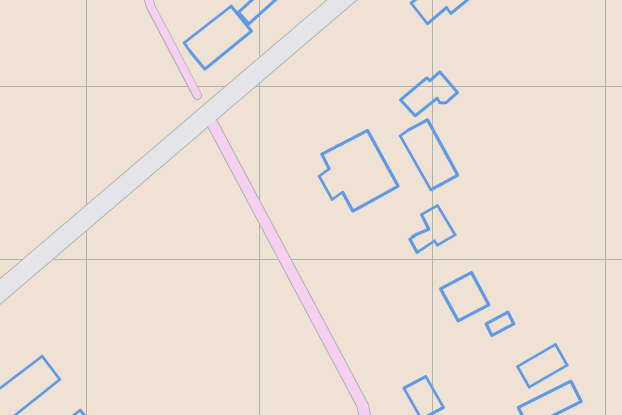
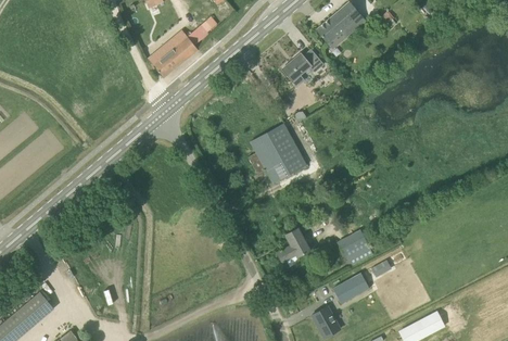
building: [400,72,458,116] -> [281,49,323,81]
building: [400,120,458,190] -> none
building: [410,206,455,252] -> [277,228,310,263]
building: [517,345,567,387] -> [332,273,369,304]

